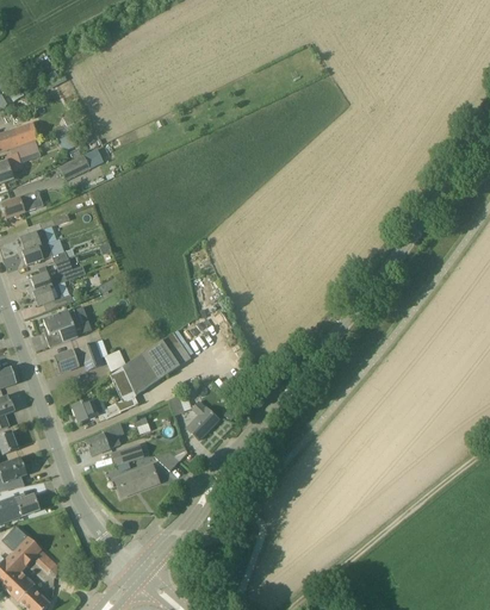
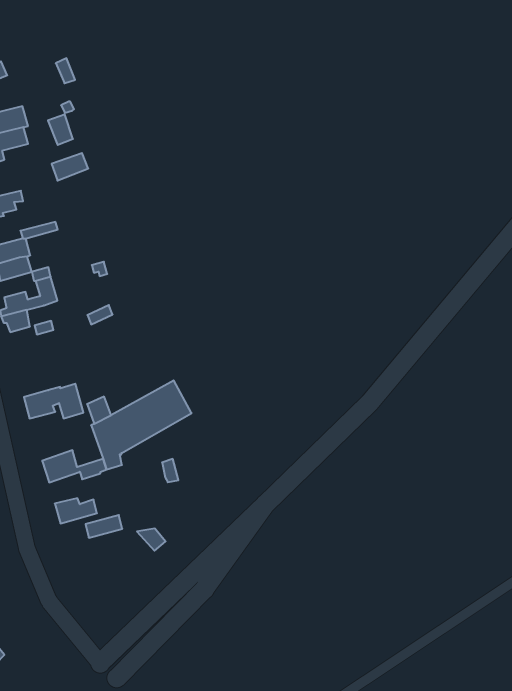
building: [43,309,81,346] -> none
building: [186,402,219,440] -> none
building: [114,463,159,496] -> none

